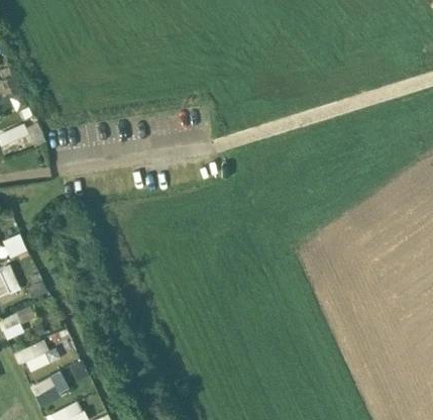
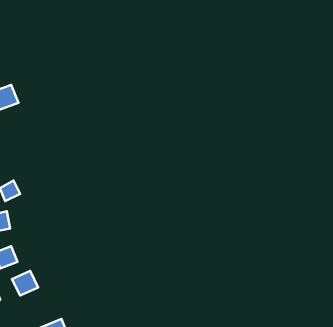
building: [30,371,72,407] -> none

